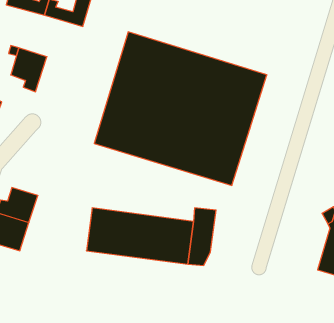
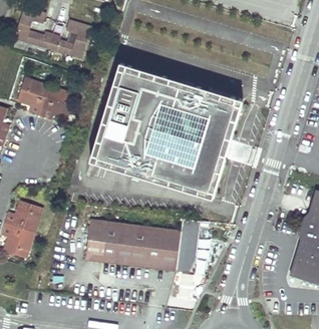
building: none -> [40,84,75,119]

